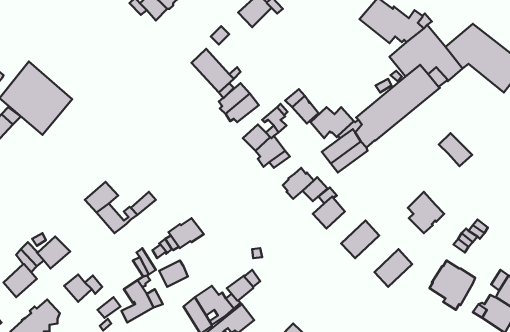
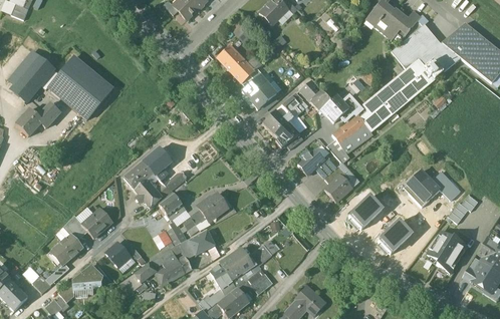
building: [439,133,472,166] -> [432,171,461,200]
building: none -> [143,145,172,180]
building: none -> [159,191,186,219]

